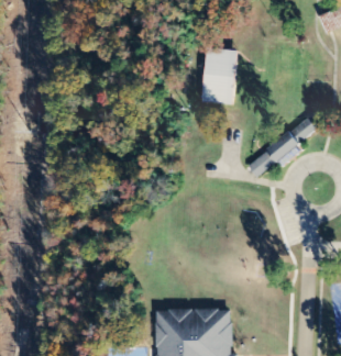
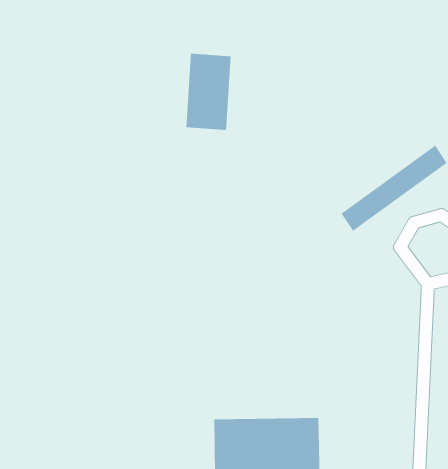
building: [204,48,236,104] -> [186,53,231,131]

